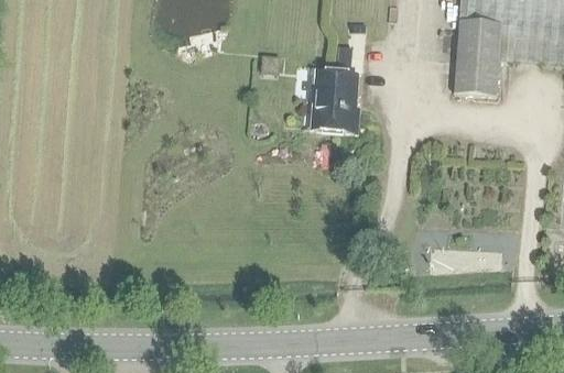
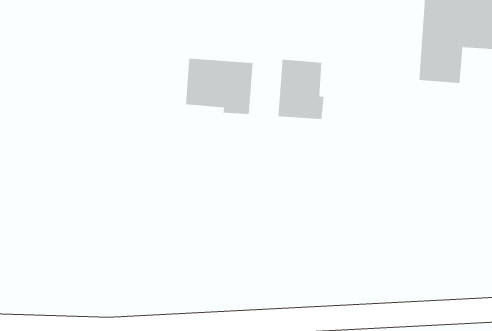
building: none -> [185,58,253,115]

